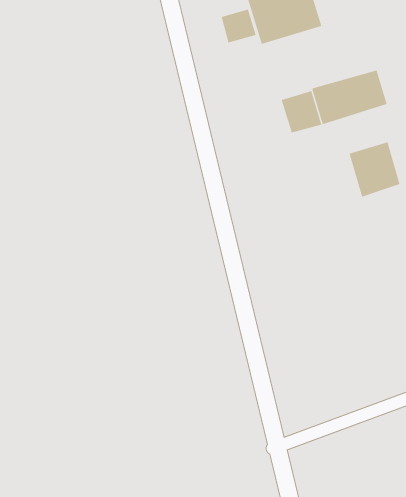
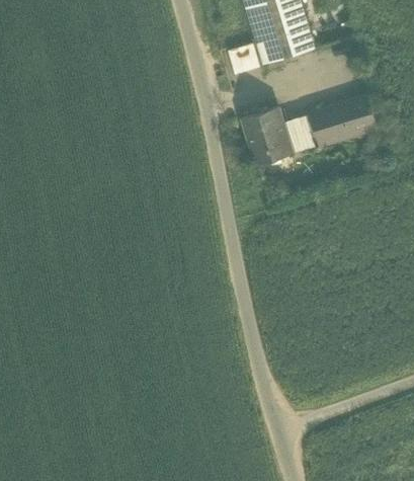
building: none -> [243,106,292,163]
building: [349,141,400,198] -> none

